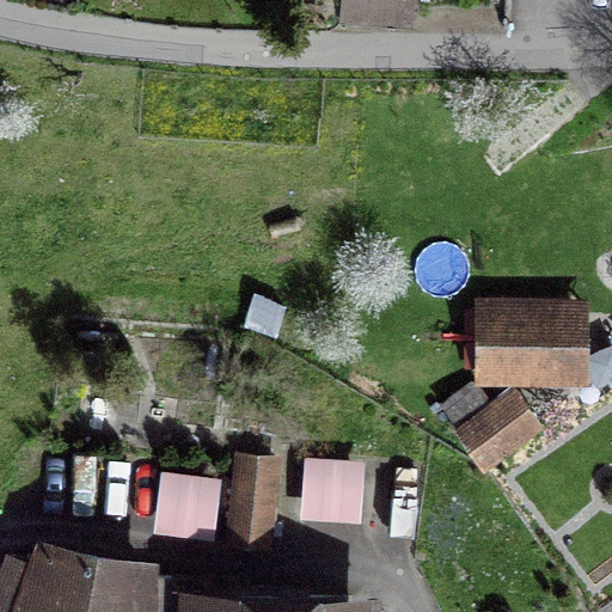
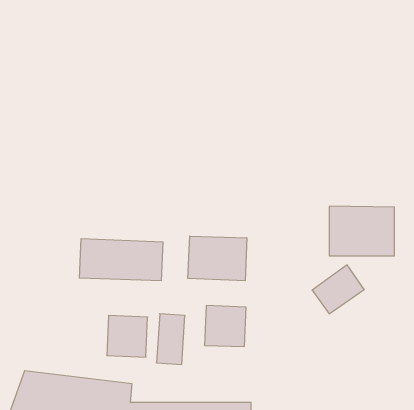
building: none -> [188,236,247,281]
building: none -> [79,239,163,281]

